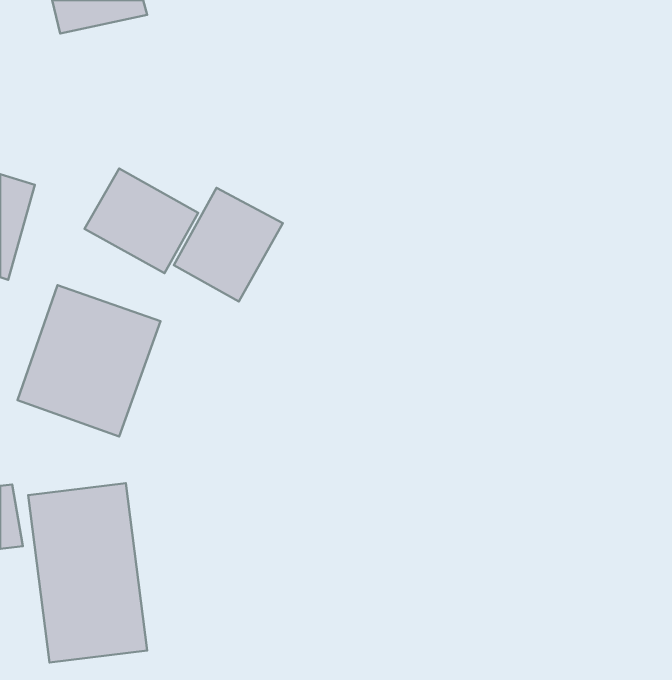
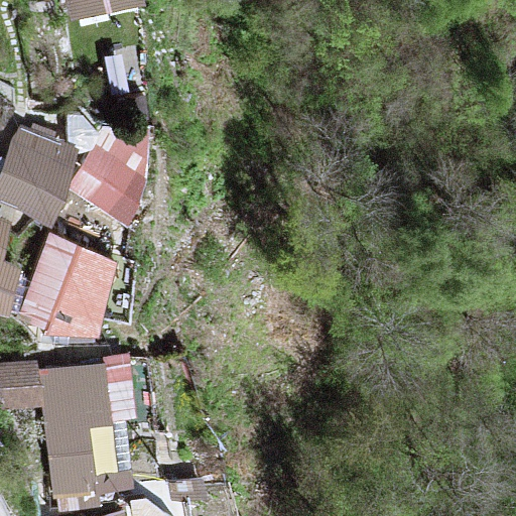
building: [174,188,283,301] -> none

